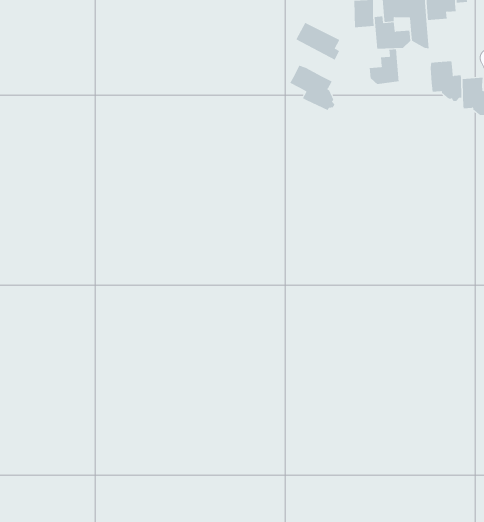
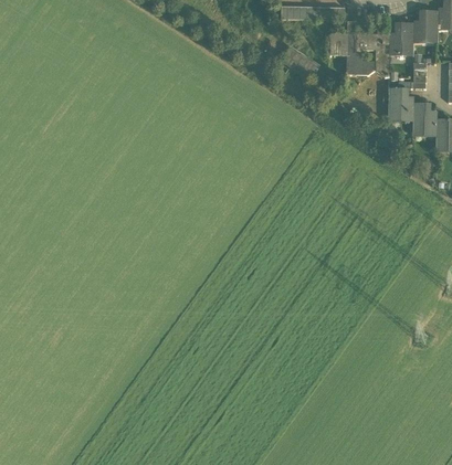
building: [369,49,399,85] -> none
building: [290,65,335,111] -> none

